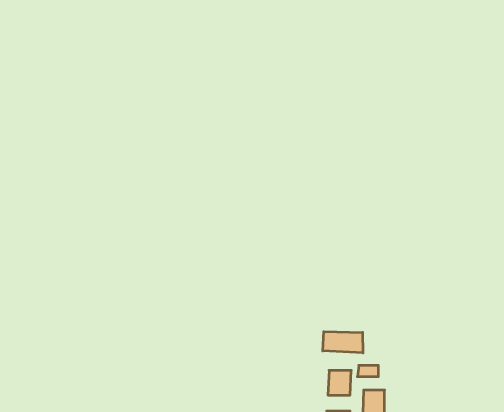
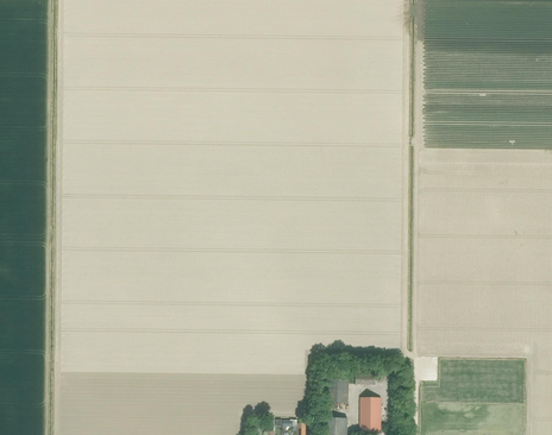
building: [323,332,363,353] -> none

